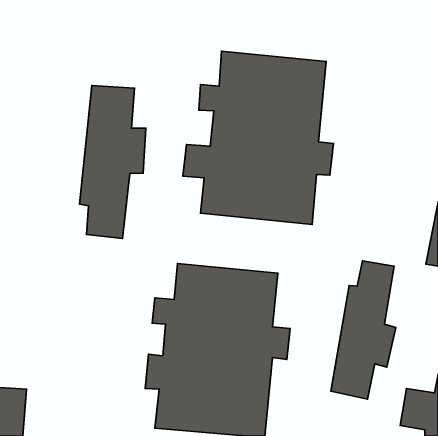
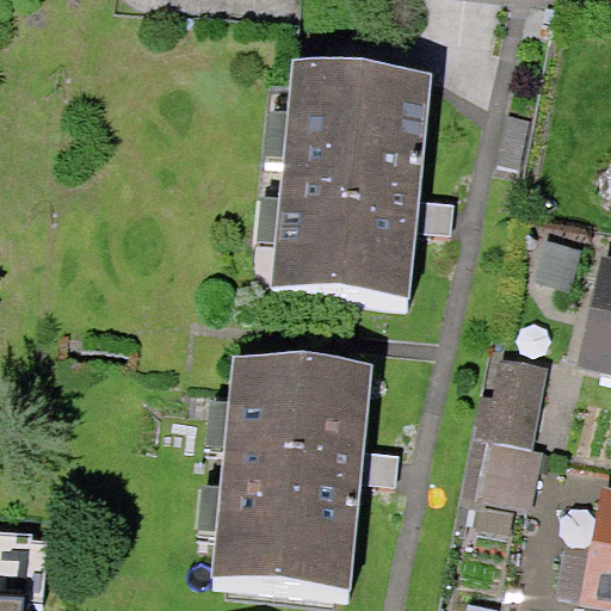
building: [80,86,146,239] -> none

